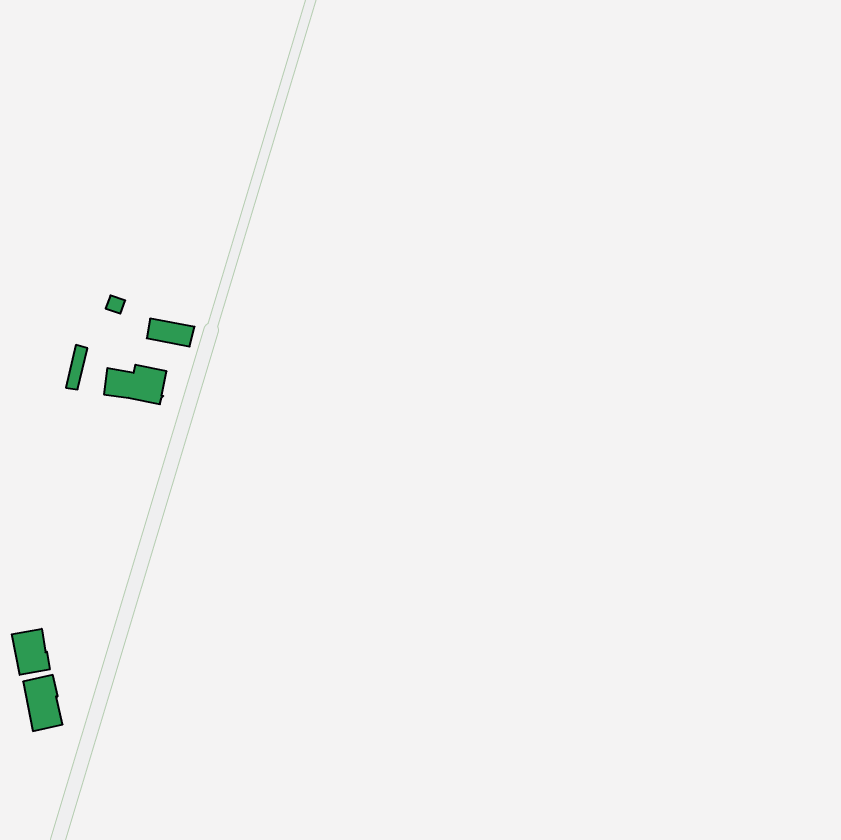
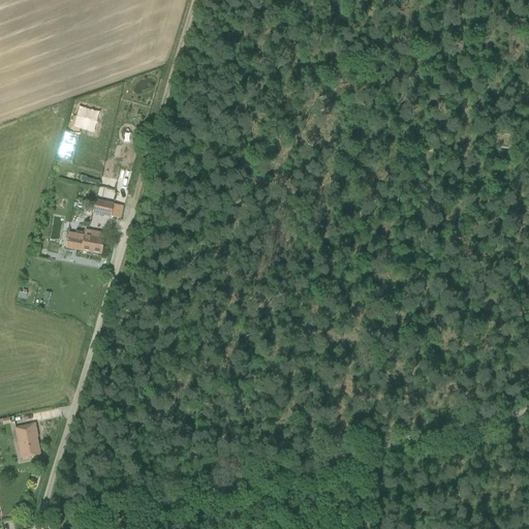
building: [12,629,50,675] -> none

